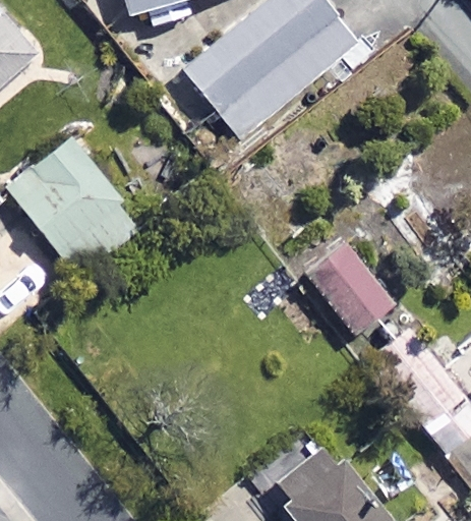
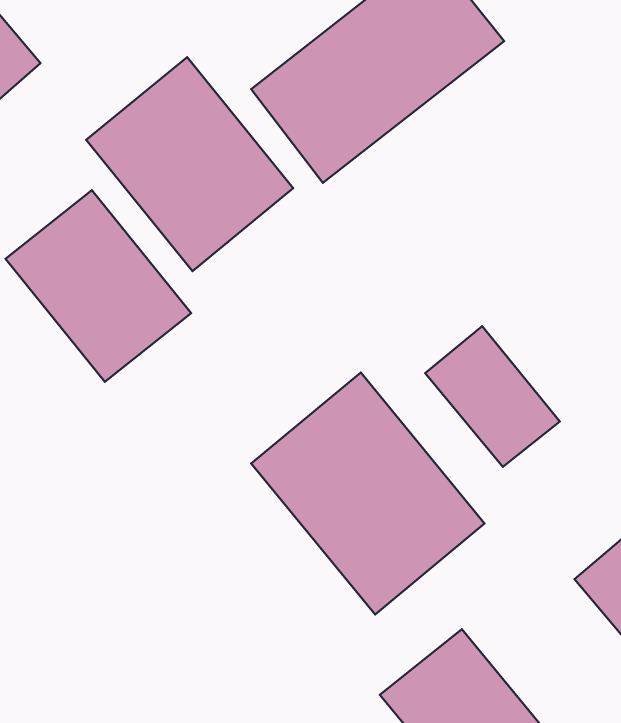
building: none -> [86,57,293,271]
building: none -> [251,372,485,615]

